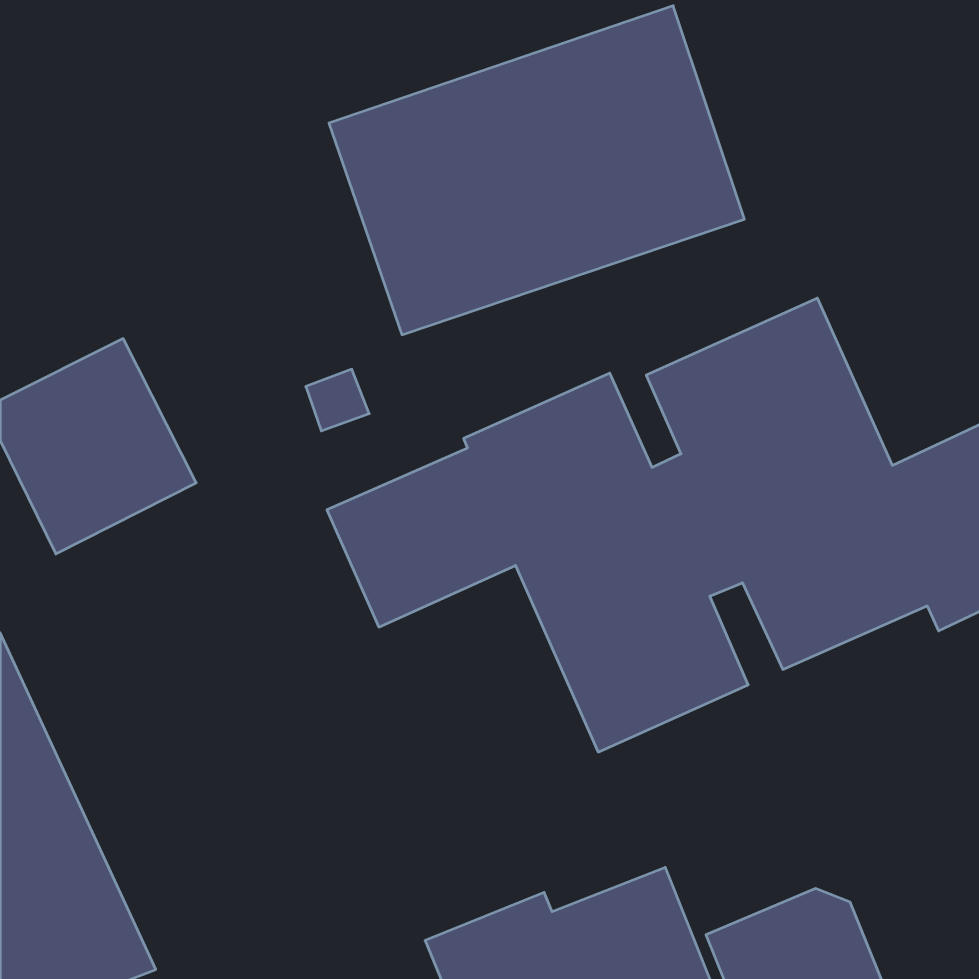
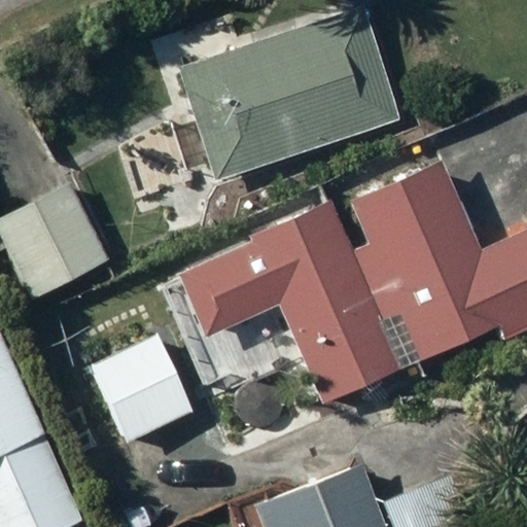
building: none -> [91,337,190,442]

